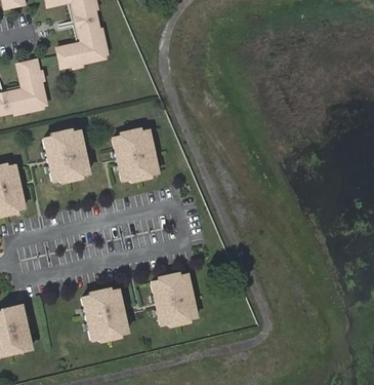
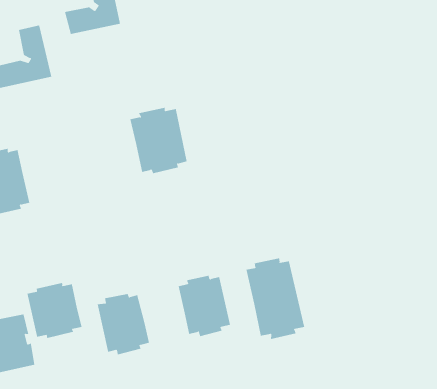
building: [41,129,90,186] -> none
building: none -> [246,257,305,340]
building: none -> [27,282,82,339]

